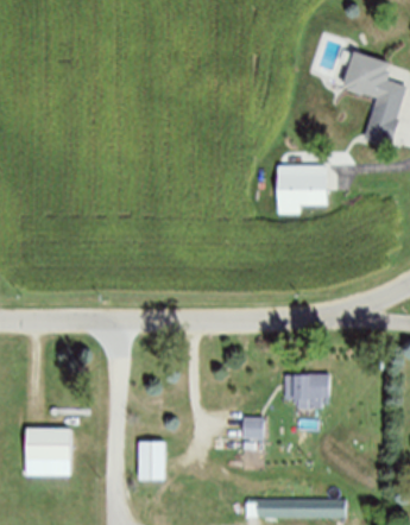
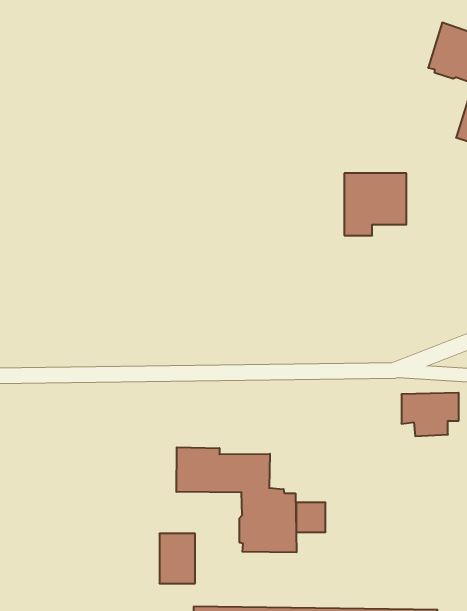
building: [285,374,329,407] -> [401,393,459,436]
building: none -> [176,447,296,552]
building: [25,429,70,476] -> none

